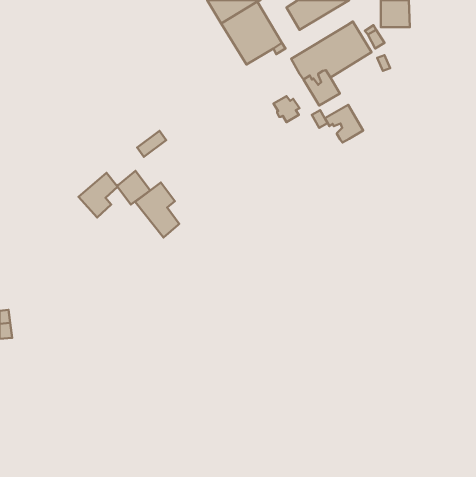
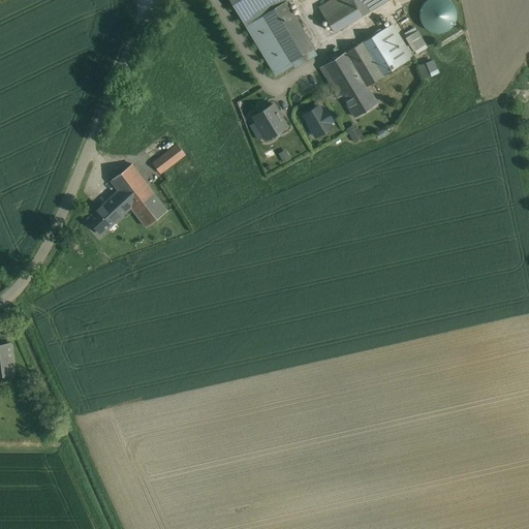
building: none -> [252,104,286,138]
building: [325,105,363,142] -> none
building: none -> [110,164,150,206]
building: [135,182,179,238] -> none

